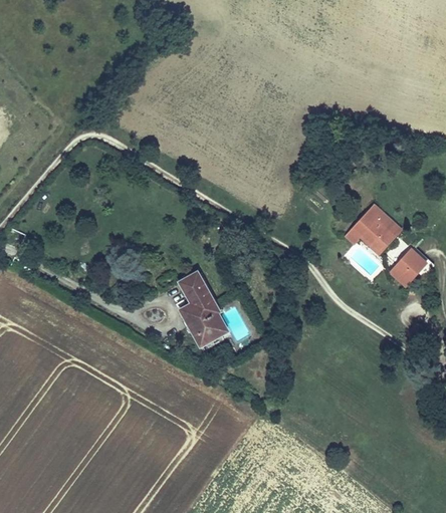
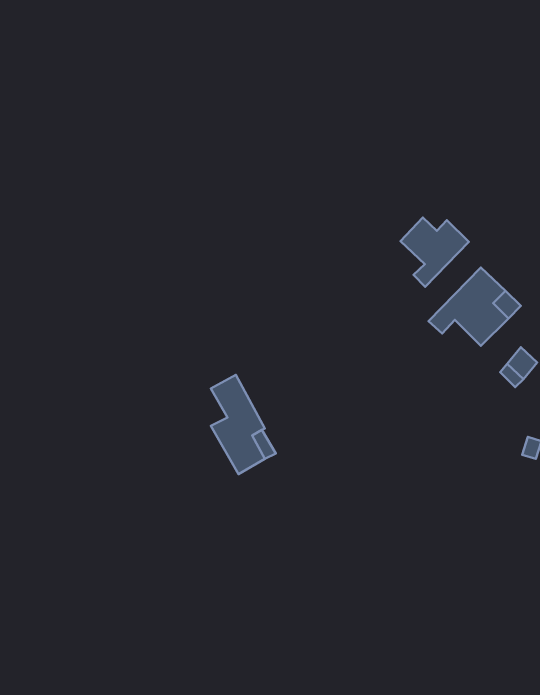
building: none -> [401,217,469,287]

